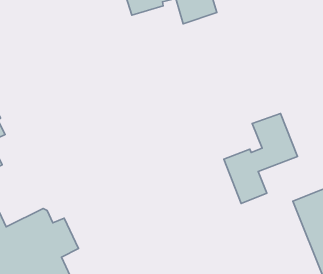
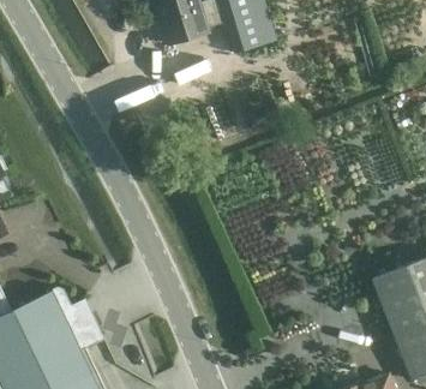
building: [224,114,298,204] -> none

